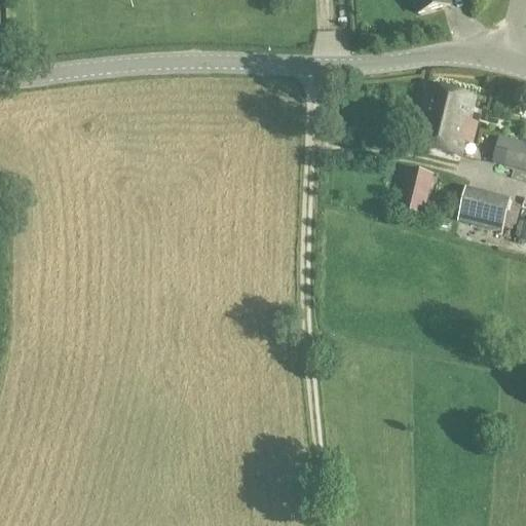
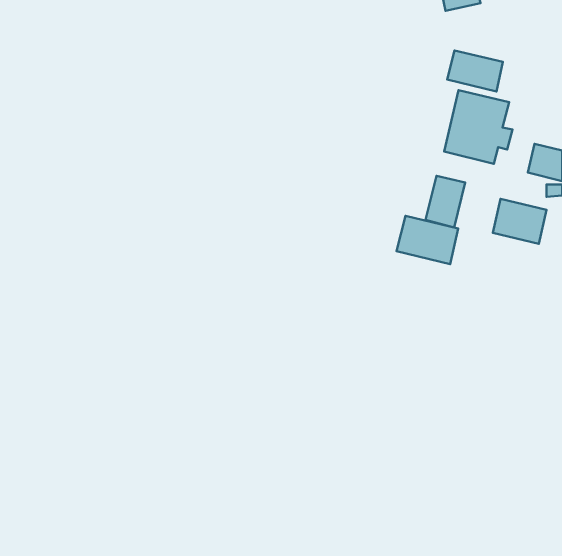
building: none -> [447,51,503,91]
building: none -> [397,216,458,264]

